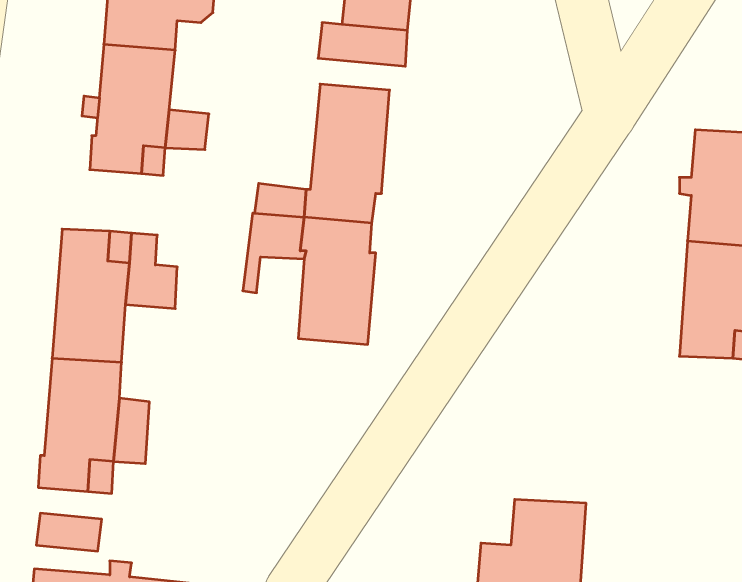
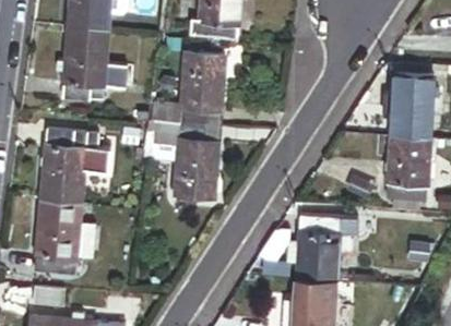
building: none -> [286,215,339,279]

